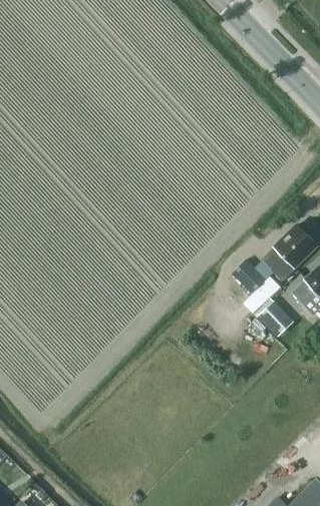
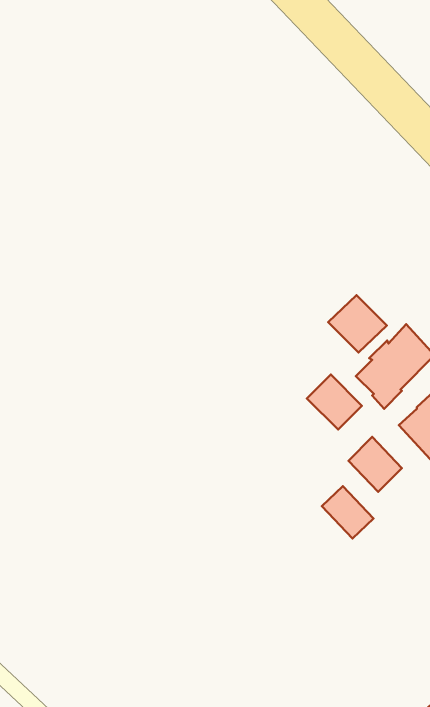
building: none -> [328,295,387,353]
building: none -> [322,486,374,538]

